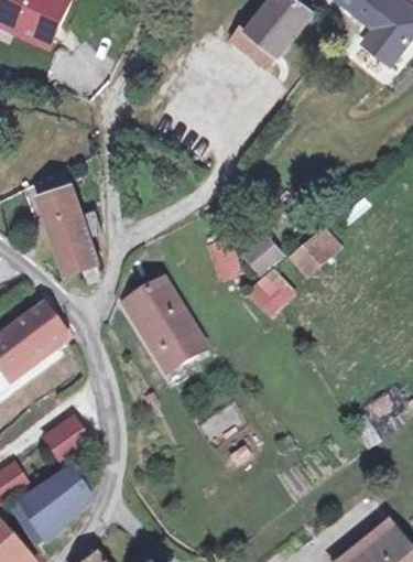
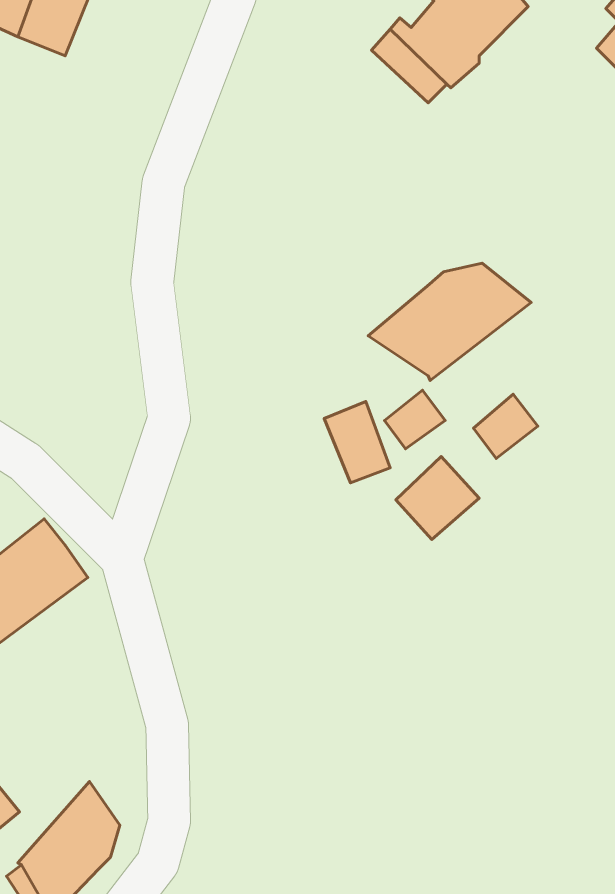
building: none -> [368,263,531,381]
building: [42,183,107,259] -> none
building: [129,282,204,375] -> none
building: [40,407,86,452] -> none

